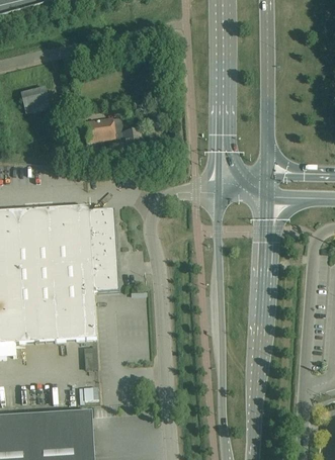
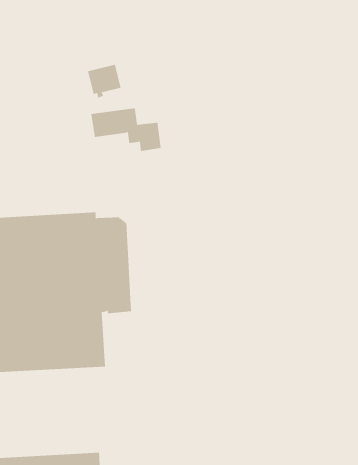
building: [20,85,50,114] -> [87,64,122,98]

